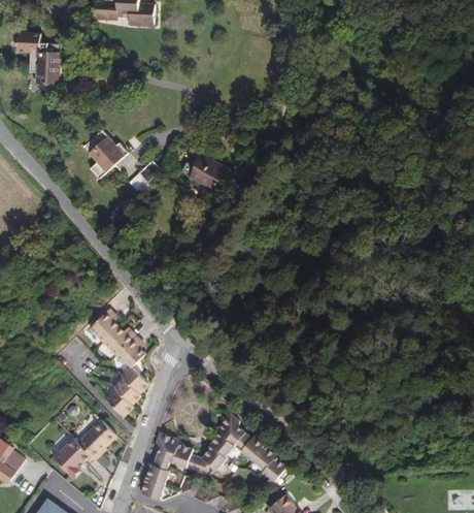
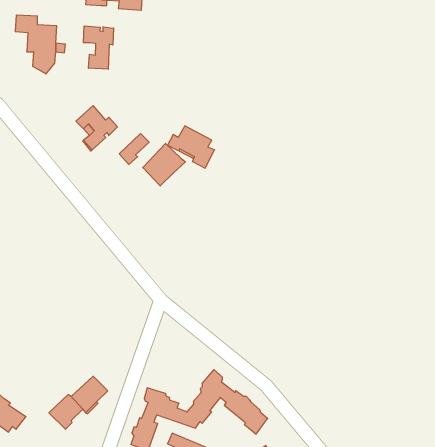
building: none -> [83,26,114,69]
building: none -> [143,143,185,186]
building: [88,308,147,417] -> none

